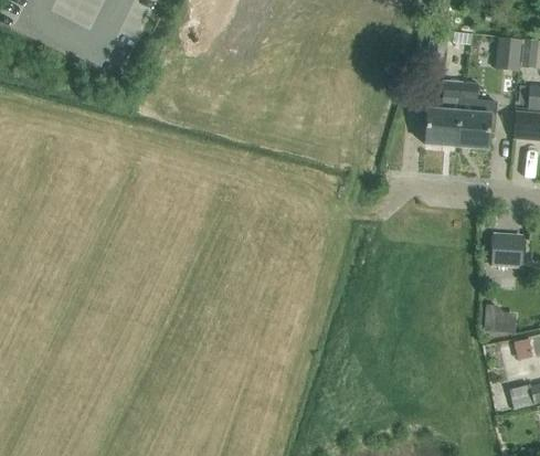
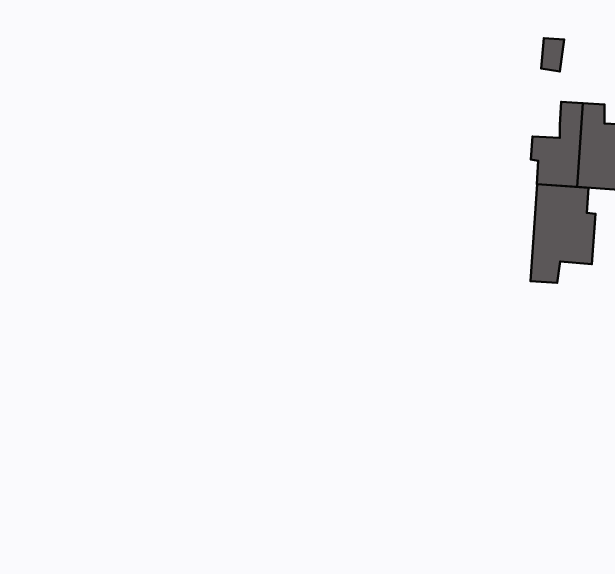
building: none -> [531,184,595,283]

